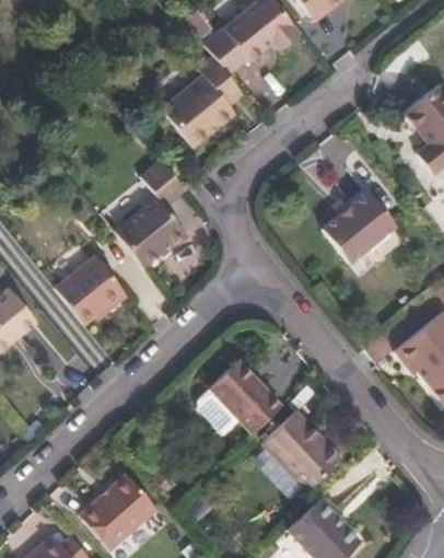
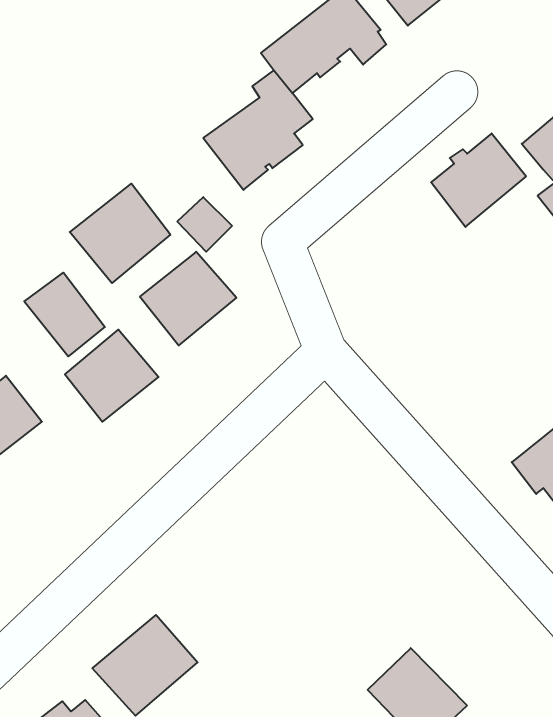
building: none -> [70,184,170,283]
building: [322,194,394,265] -> [431,133,526,227]
building: none -> [24,273,105,356]
building: [195,359,280,432] -> none
building: [261,409,339,488] -> none

